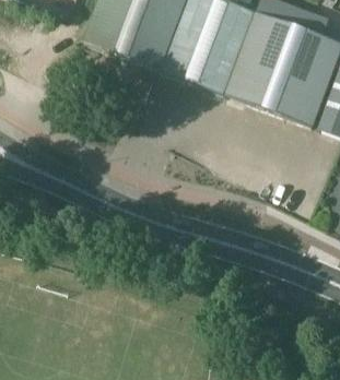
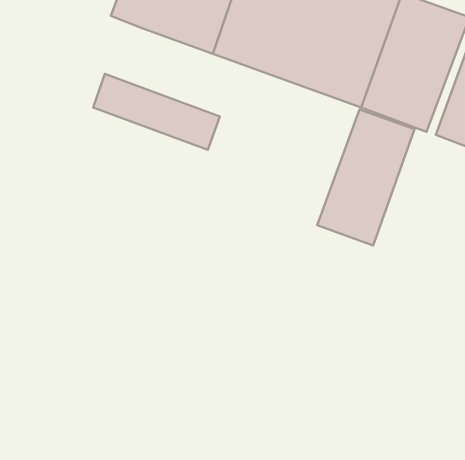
building: none -> [93,74,220,150]
building: none -> [317,110,414,246]

